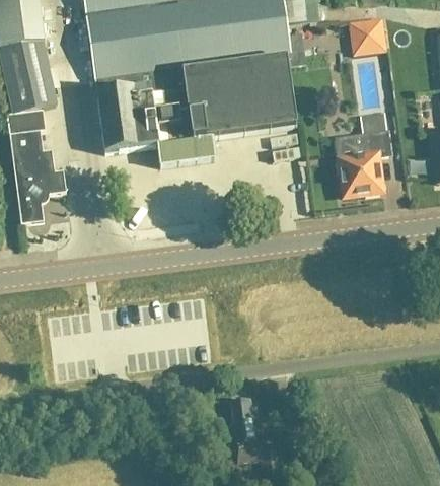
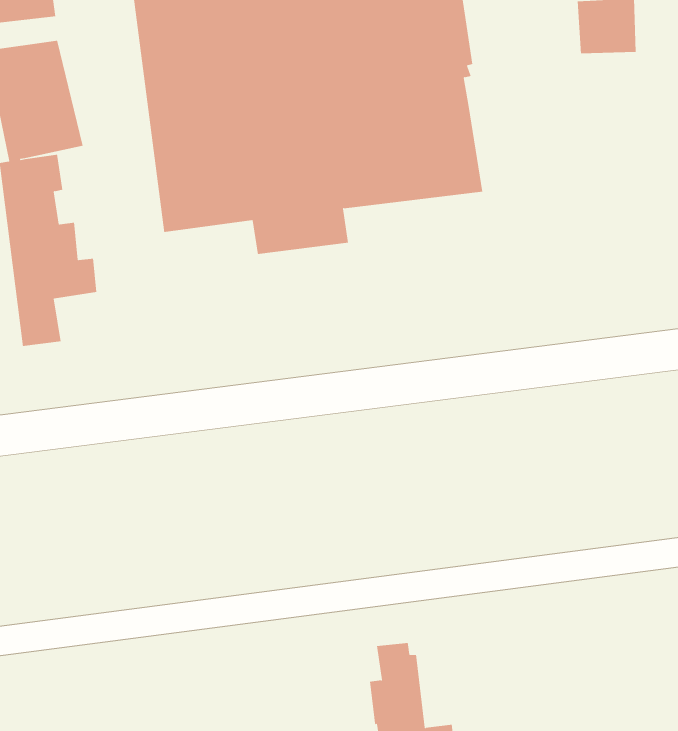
building: [336,114,389,199] -> none

